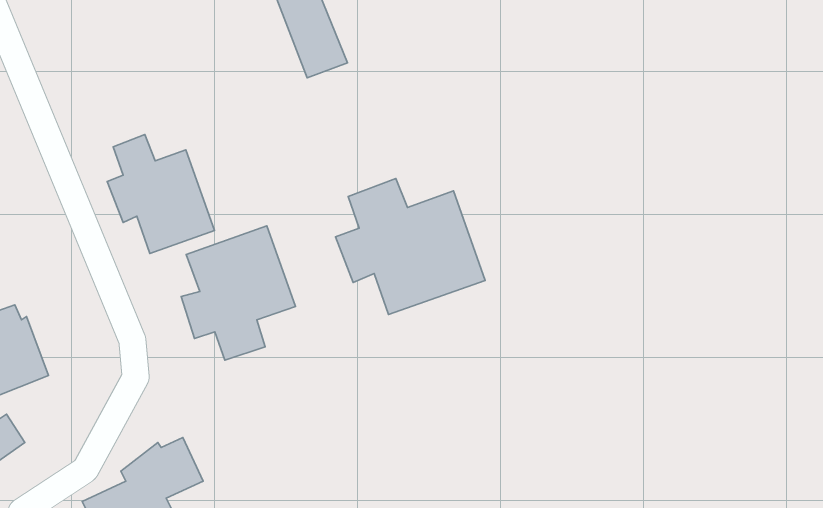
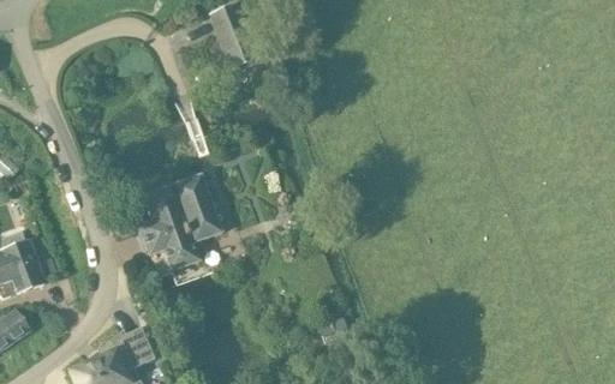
building: [107,135,214,253] -> none
building: [335,179,485,315] -> none

